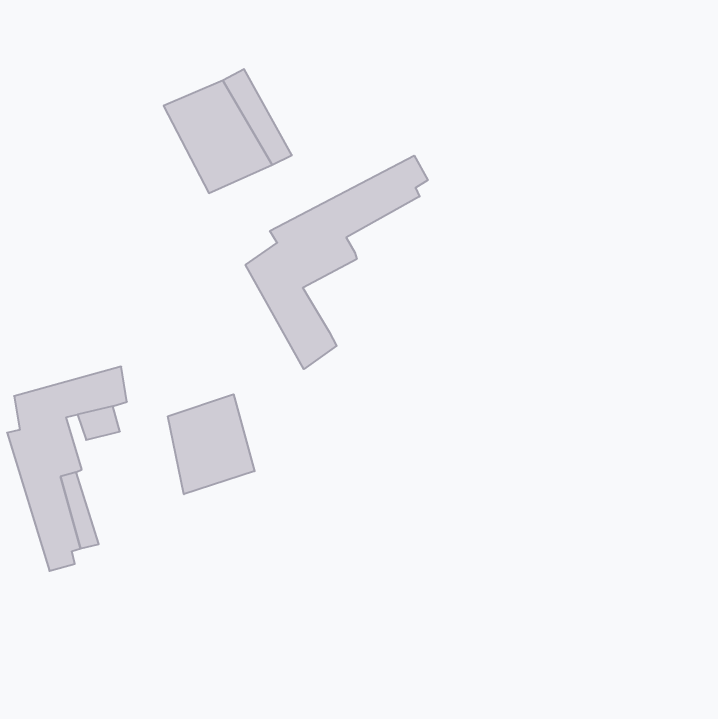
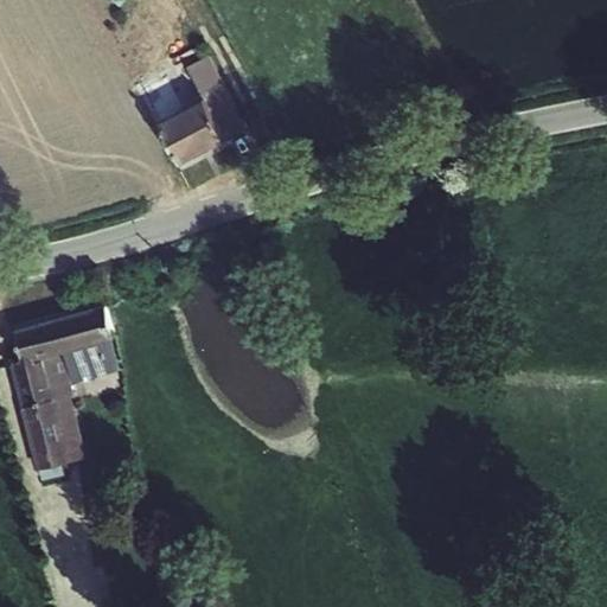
building: [246,156,428,369] -> none
building: [168,394,255,494] -> none

